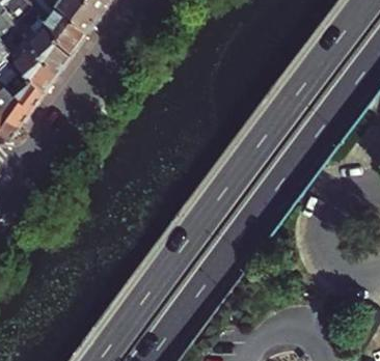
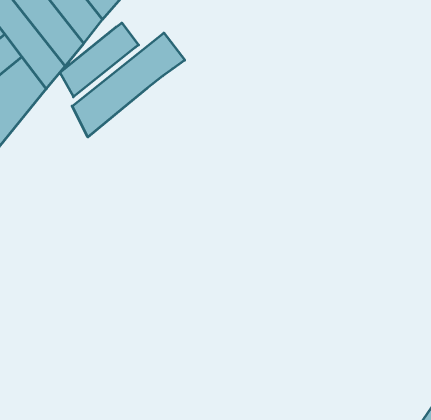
building: none -> [60,23,139,97]
building: none -> [72,33,185,137]

